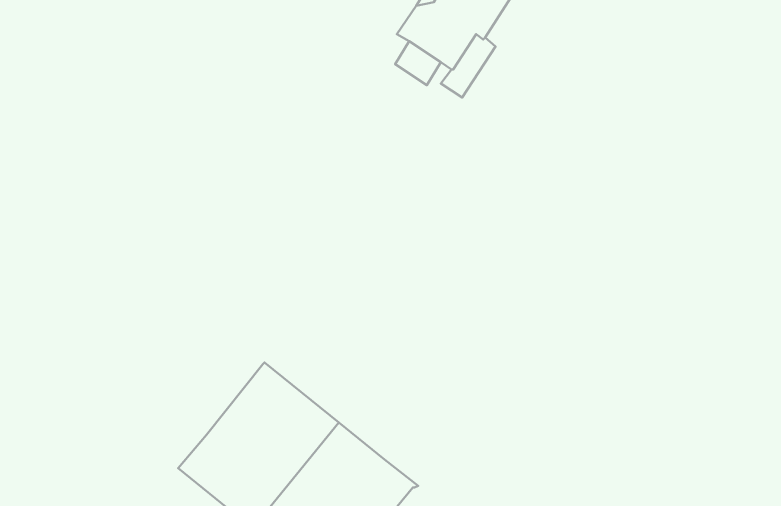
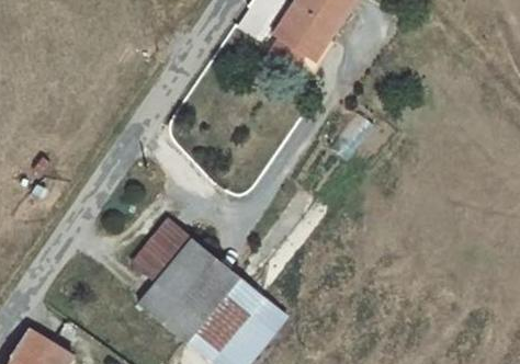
building: none -> [133,220,191,282]

